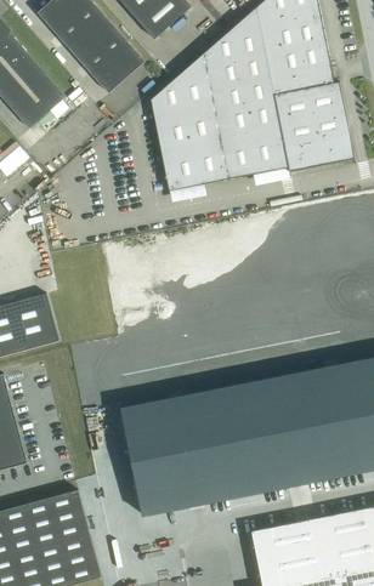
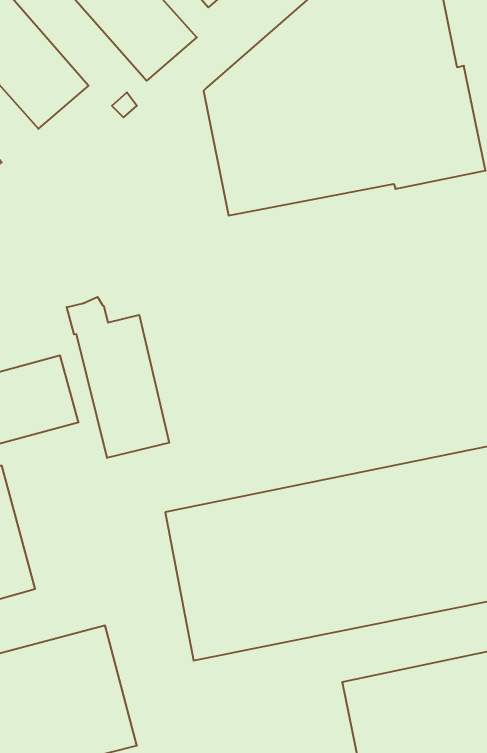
building: none -> [67,297,169,458]

